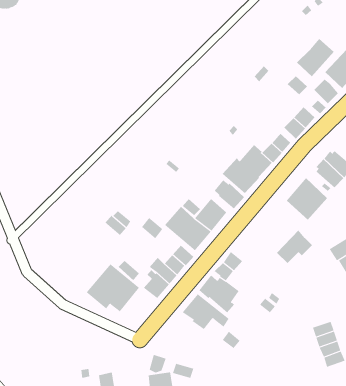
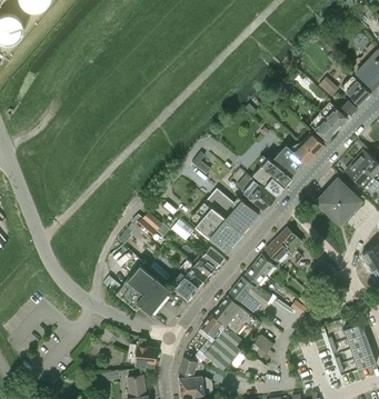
building: [296,38,335,77] -> none
building: [276,230,313,264] -> [265,226,301,260]
building: none -> [201,315,239,367]
building: none -> [134,337,158,368]

